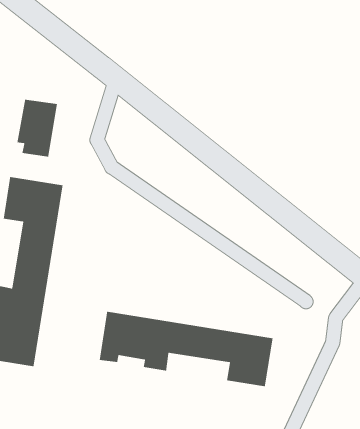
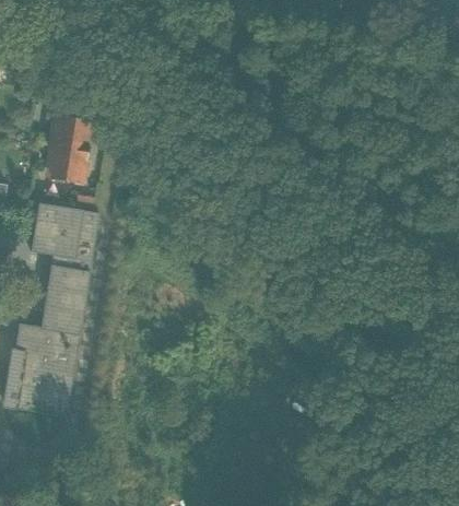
building: [99,311,273,387] -> none

